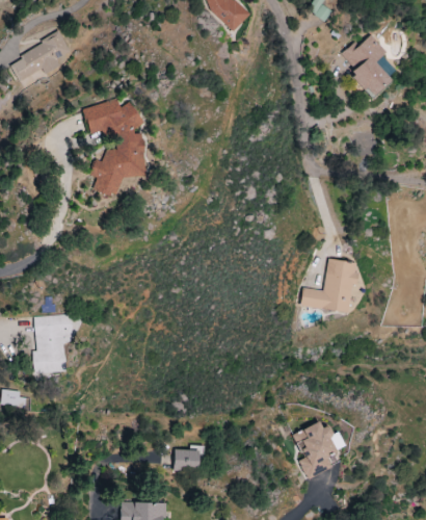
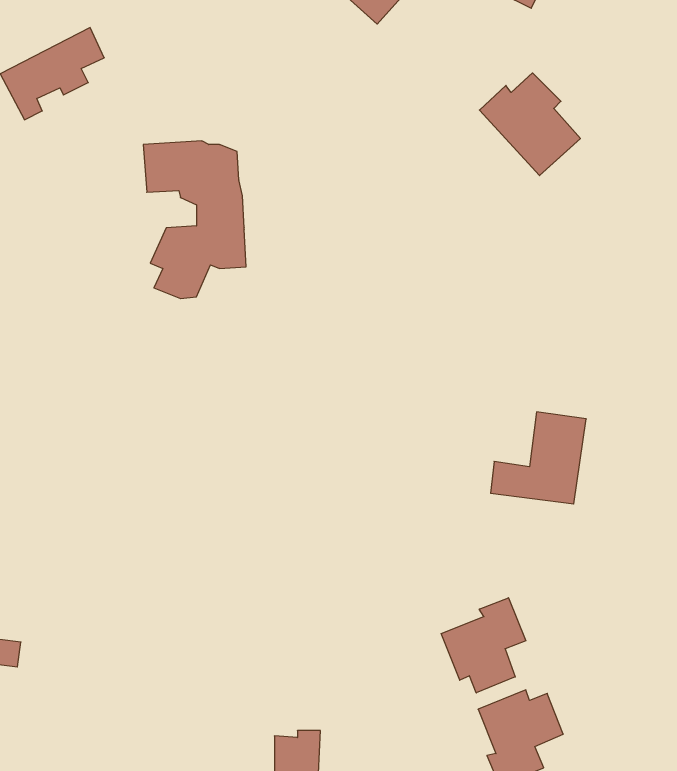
building: [338,35,397,96] -> [479,73,580,176]
building: [30,315,72,374] -> none
building: none -> [441,598,526,693]

